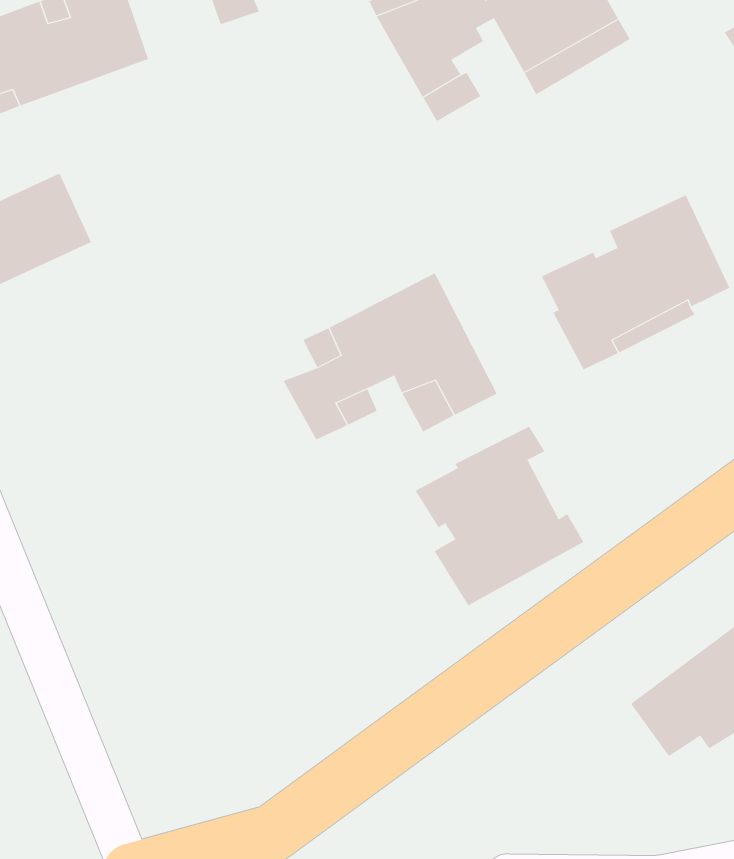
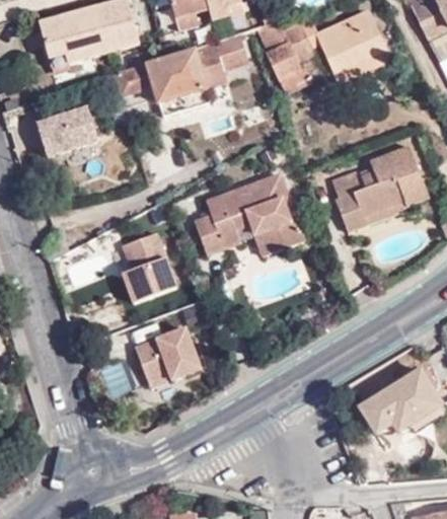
building: none -> [115,39,255,124]
building: none -> [119,229,178,303]
building: [415,426,584,606] -> none
building: none -> [108,313,202,387]

